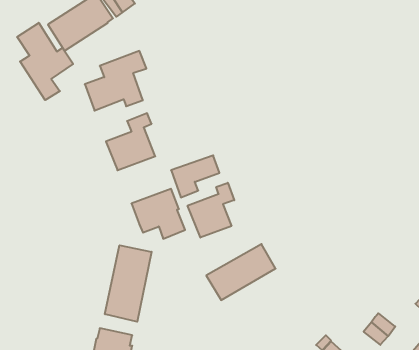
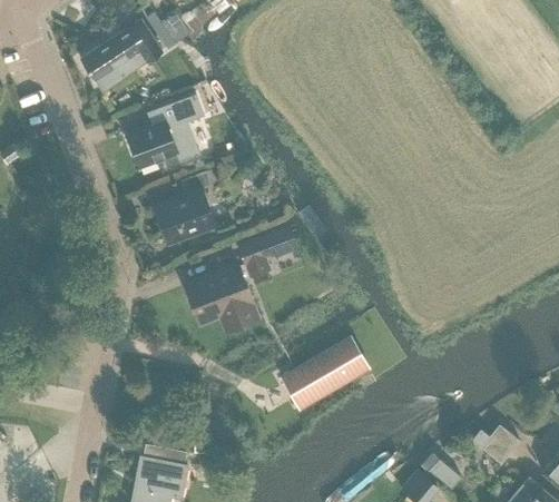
building: [17,23,73,100] -> none
building: [188,183,234,238] -> none
building: [105,245,152,322] -> none

